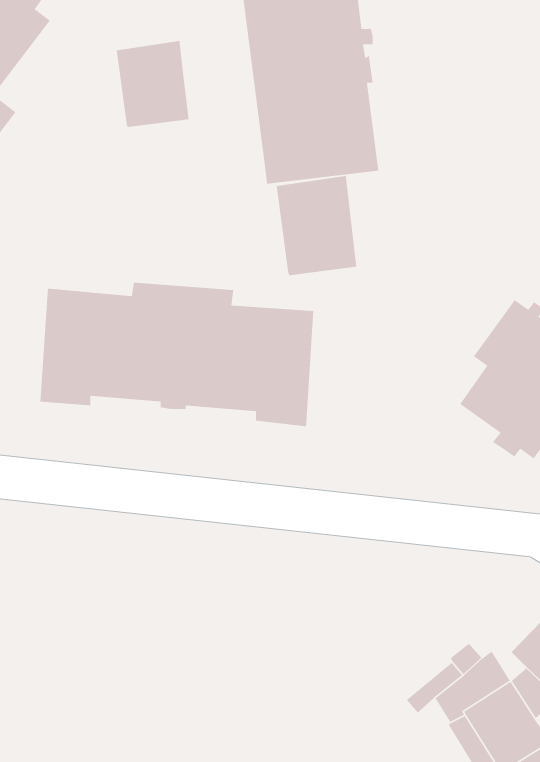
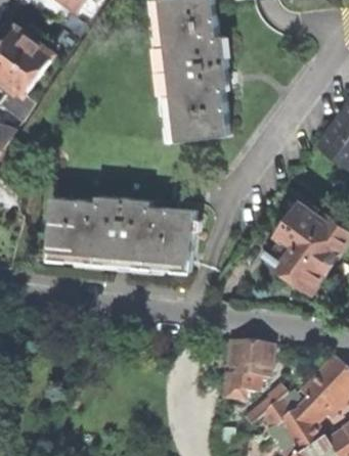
building: [116,40,189,128] -> none
building: [276,175,357,276] -> none
building: none -> [223,343,271,403]

